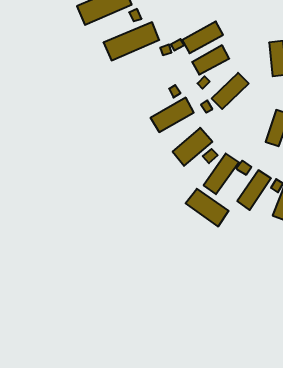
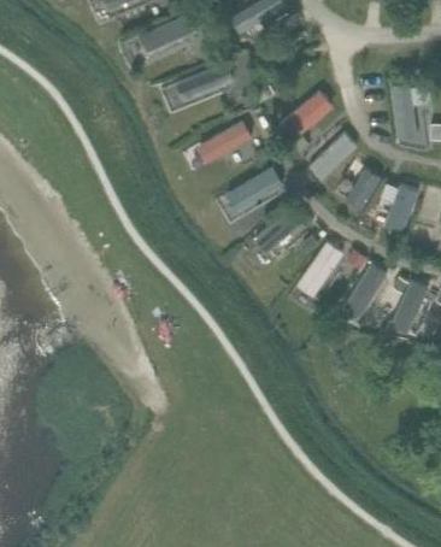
building: [182,21,223,53] -> [199,119,254,163]
building: none -> [345,164,378,213]
building: [186,189,229,227] -> none

